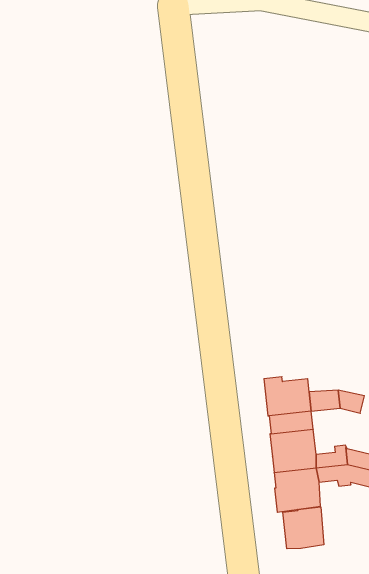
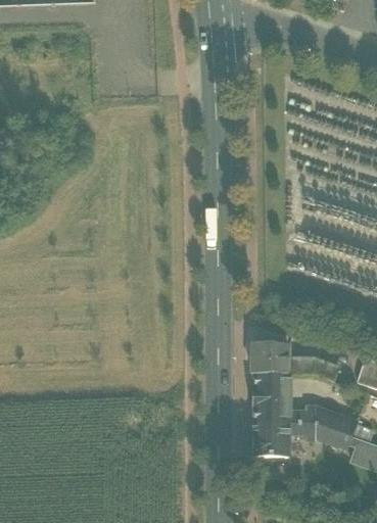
building: [283,507,324,549] -> none

